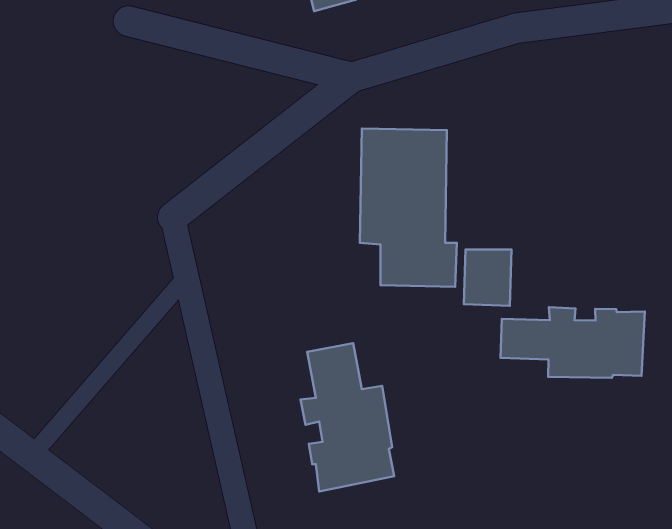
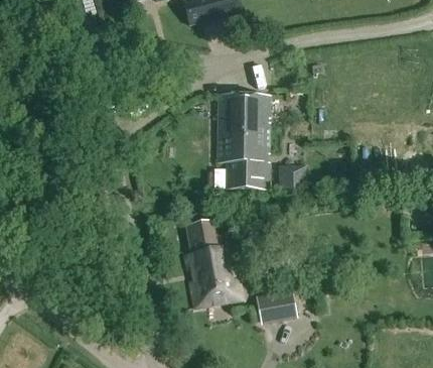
building: [501,307,645,378] -> none
building: none -> [255,288,295,320]

